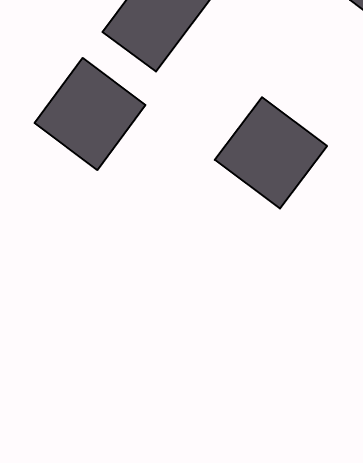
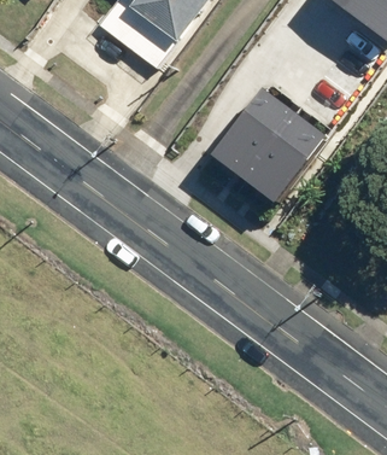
building: [35,58,145,170] -> none

